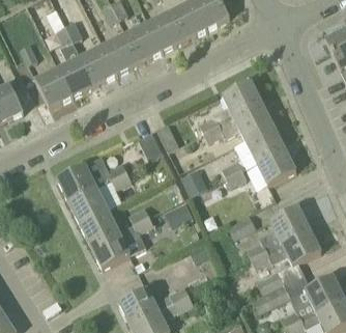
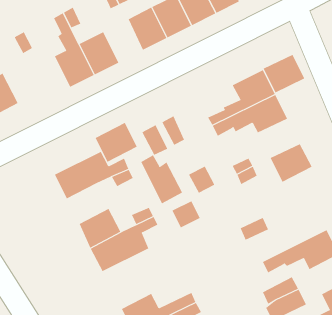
building: [103,33,139,74] -> none
building: [35,67,71,108] -> none
building: [246,126,285,162] -> [263,54,305,93]
building: none -> [139,154,183,204]
building: [68,186,108,223] -> [95,122,137,162]
building: [246,205,310,258] -> none

